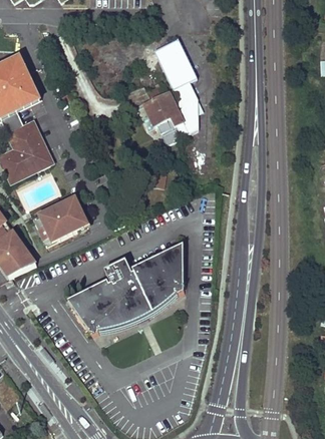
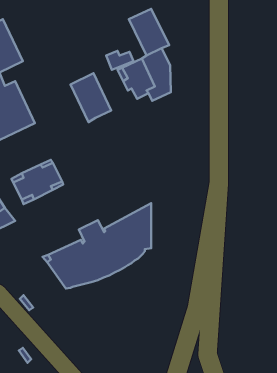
building: none -> [71,73,111,122]

